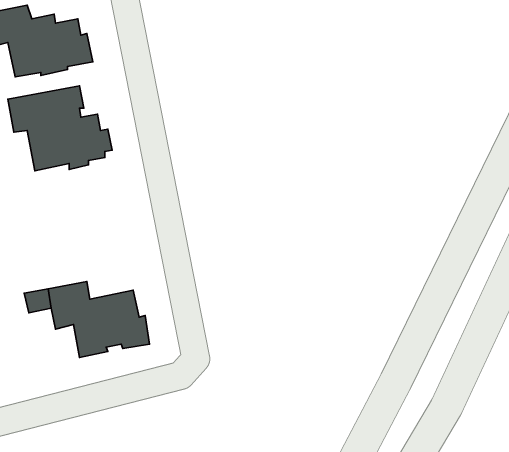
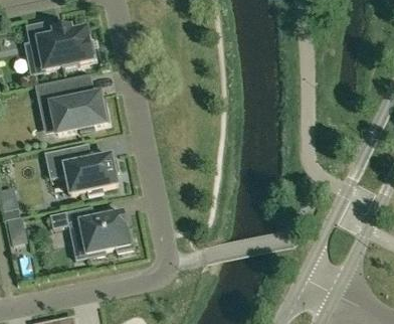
building: none -> [44,146,119,194]

